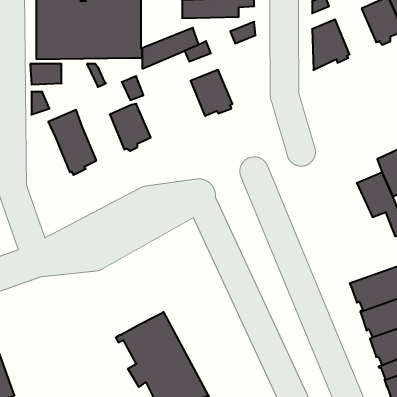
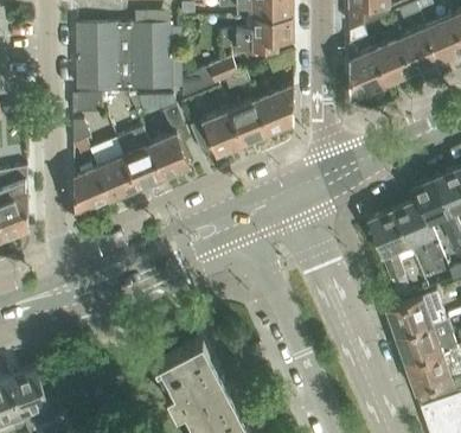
building: none -> [371,39,411,84]
building: none -> [256,84,293,135]
building: none -> [188,110,243,157]
building: none -> [116,128,164,189]
building: none -> [73,166,110,216]
building: none -> [369,211,408,280]

